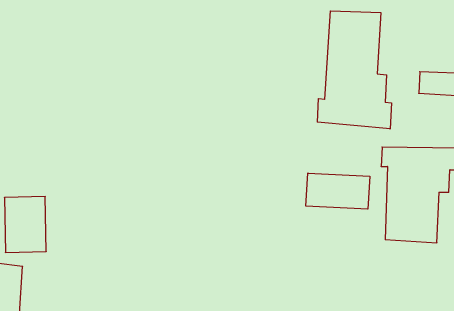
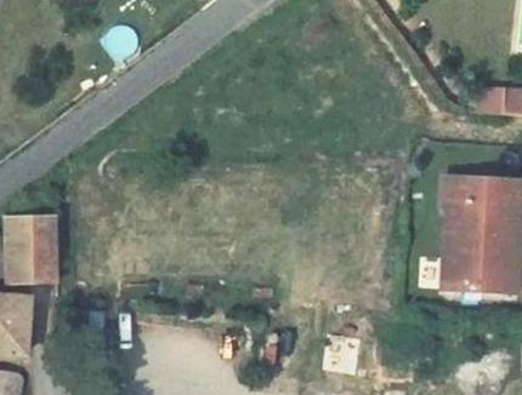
building: [317,11,391,129] -> none
building: [306,173,370,209] -> none

